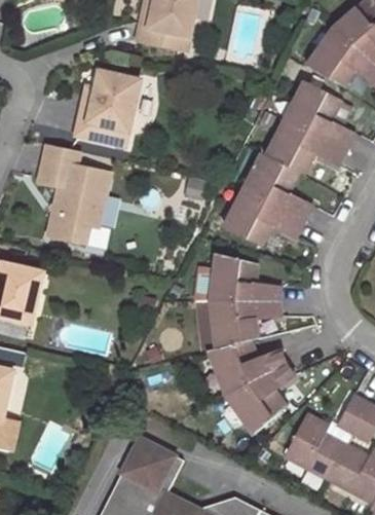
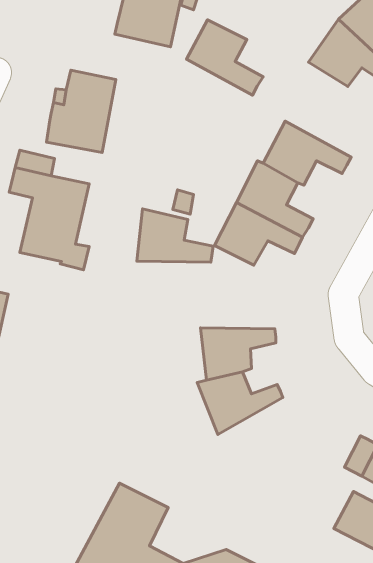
building: [287,82,354,149] -> [187,20,263,95]
building: [212,254,279,301] -> [137,209,213,262]
building: [227,362,294,432] -> none
building: [285,415,347,478] -> none

